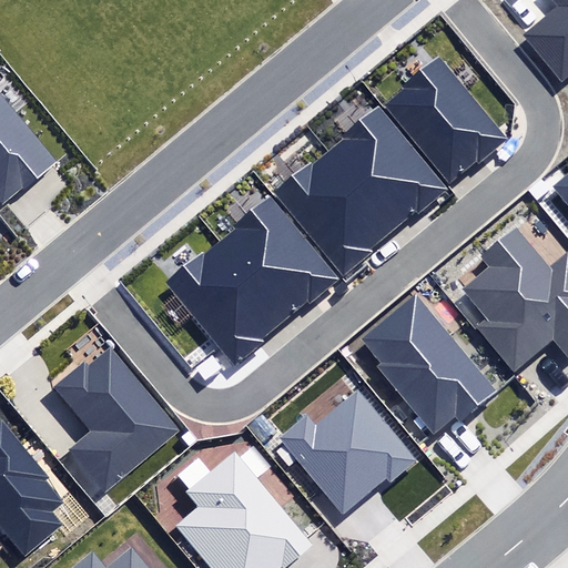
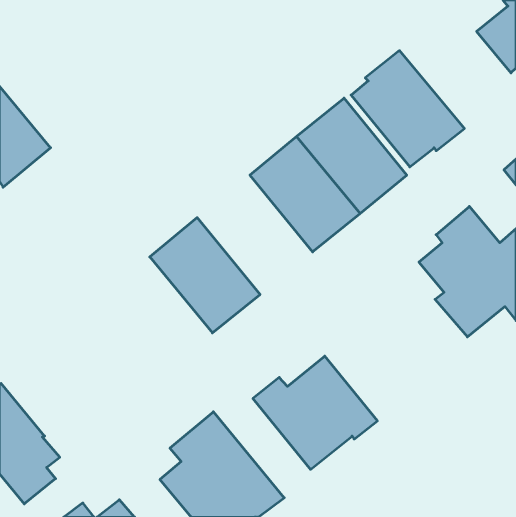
building: [216,196,338,323] -> none
building: [359,295,496,434] -> none
building: [52,345,183,496] -> none

